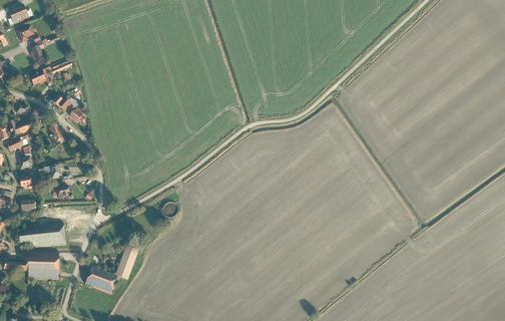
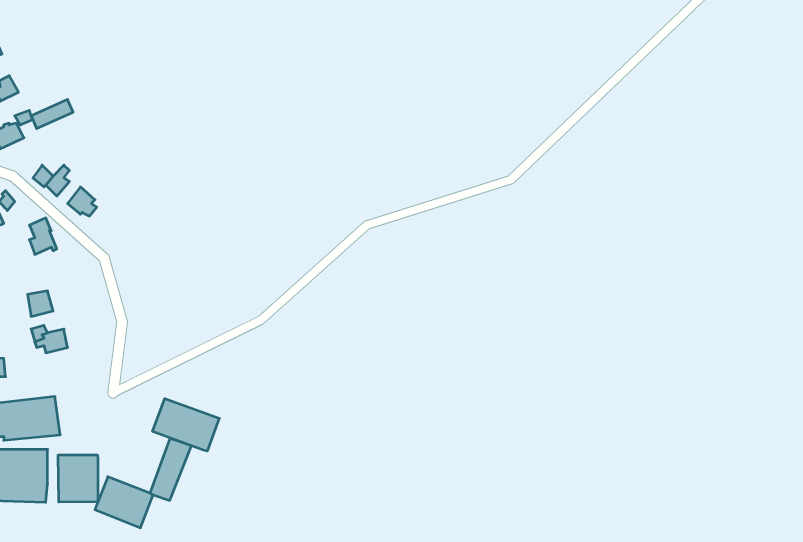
building: none -> [153,399,219,451]
building: none -> [58,455,98,502]

